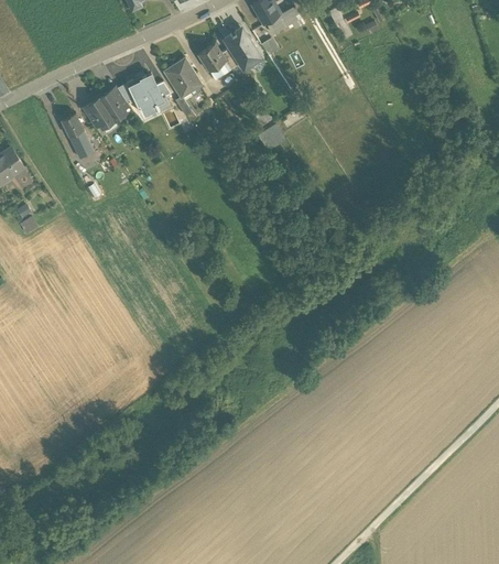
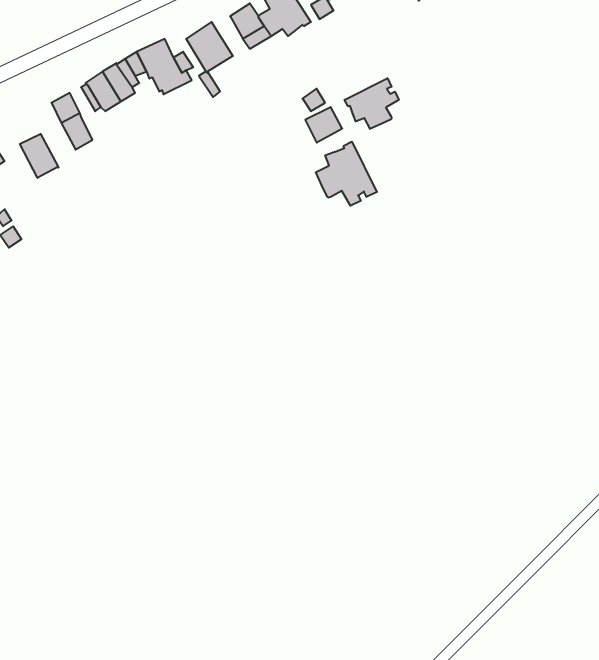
building: none -> [345,78,399,129]
building: none -> [20,134,58,178]
building: none -> [316,142,377,206]

